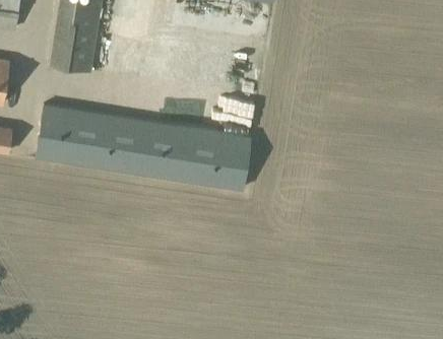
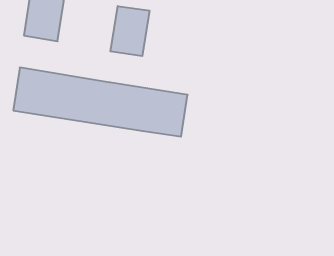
building: none -> [110,6,149,56]

